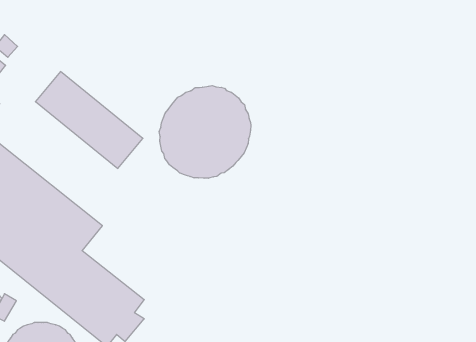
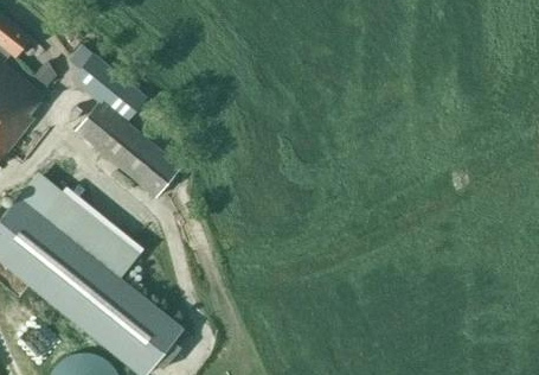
building: none -> [75,56,145,120]
building: [159,86,251,178] -> none

